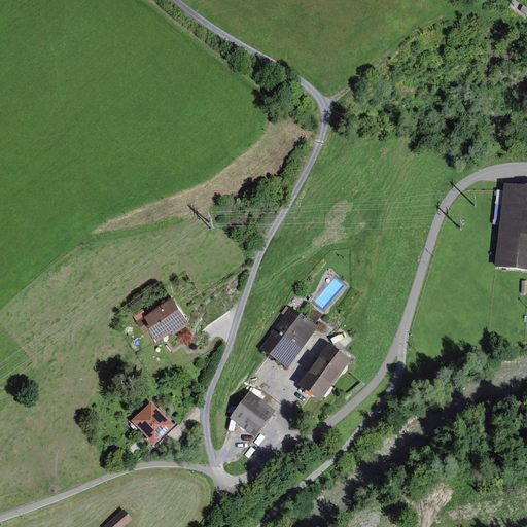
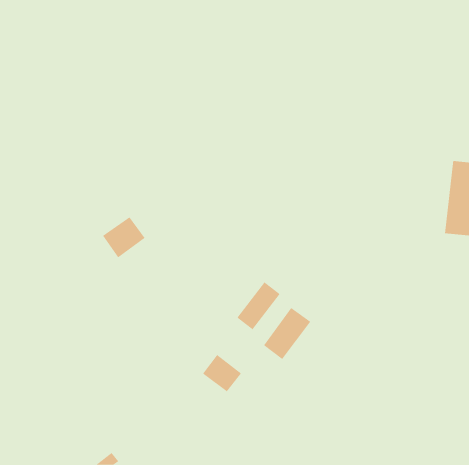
building: [137,291,185,338] -> [102,217,146,258]
building: [132,408,172,448] -> none

